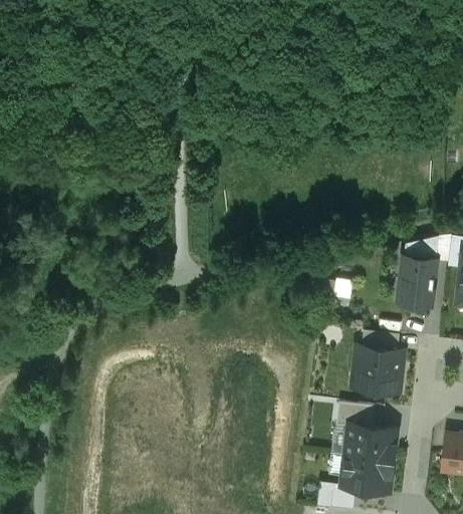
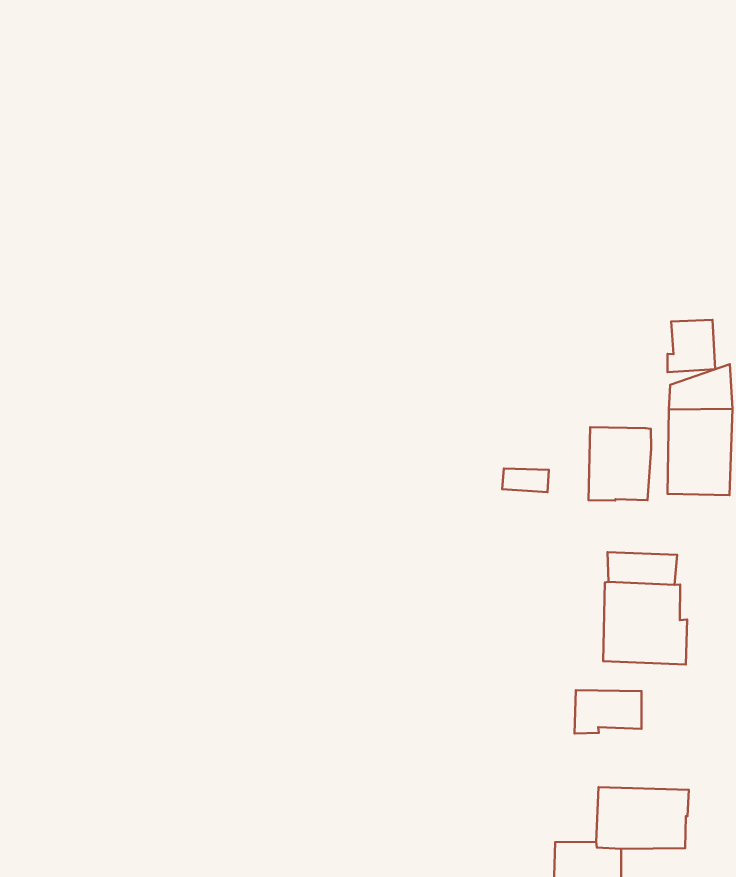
building: none -> [667,320,715,372]
building: none -> [589,427,651,501]
building: [345,426,396,464] -> none

